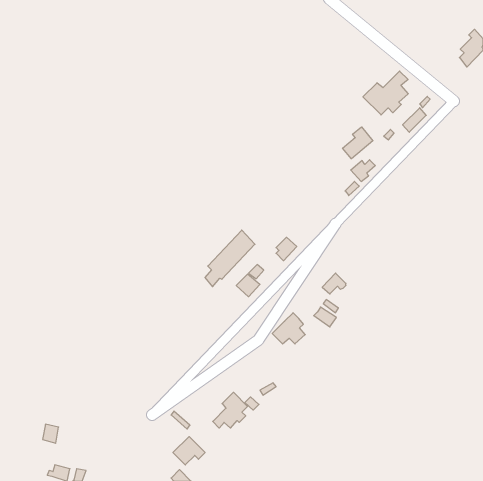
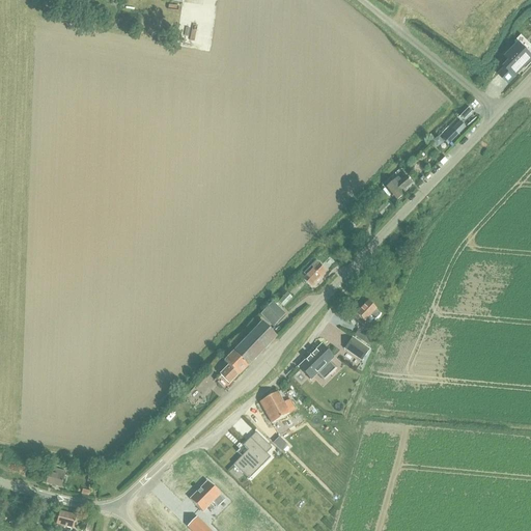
building: [363,71,408,115] -> none
building: [343,127,373,159] -> none
building: [205,230,255,287] -> [220,319,275,382]
building: none -> [259,390,296,422]

